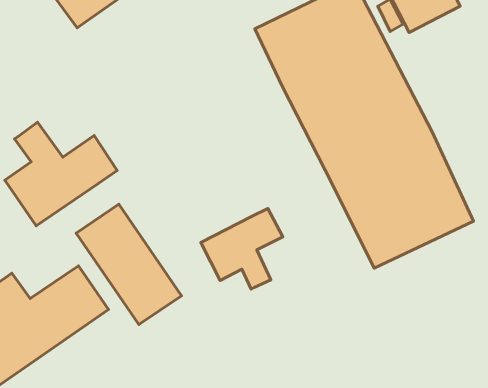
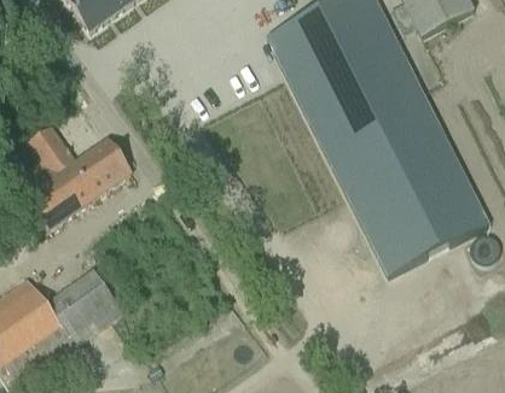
building: [76,204,182,325] -> none
building: [201,208,283,289] -> none

